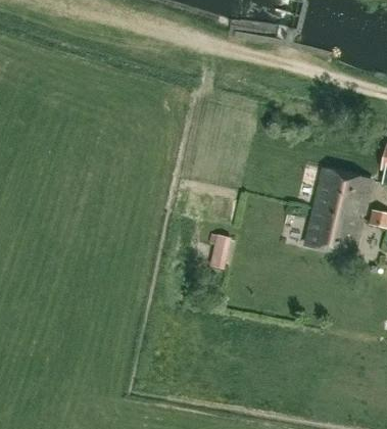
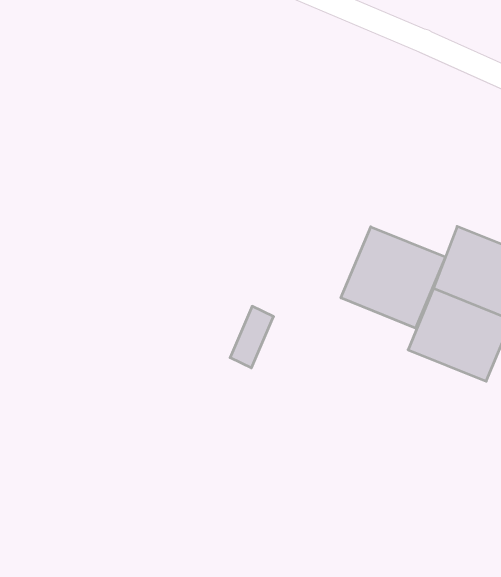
building: none -> [341,227,445,328]

